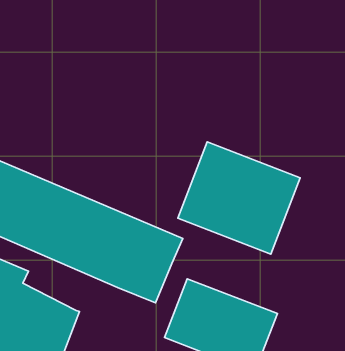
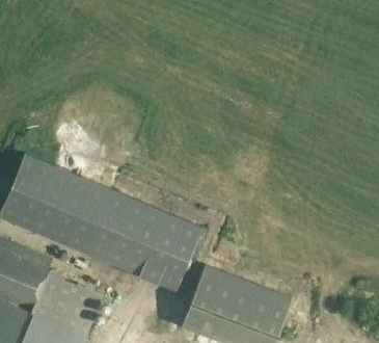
building: [178,142,300,254] -> none

